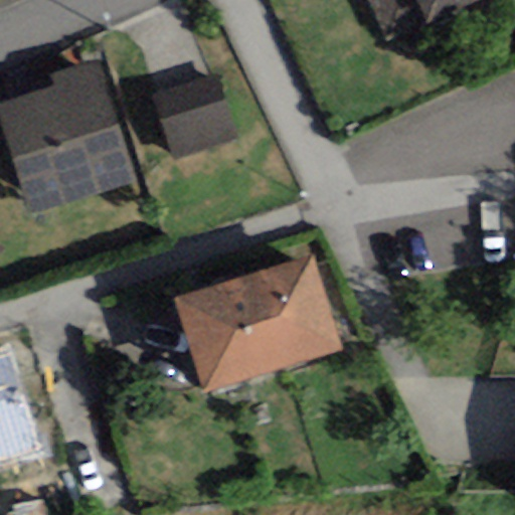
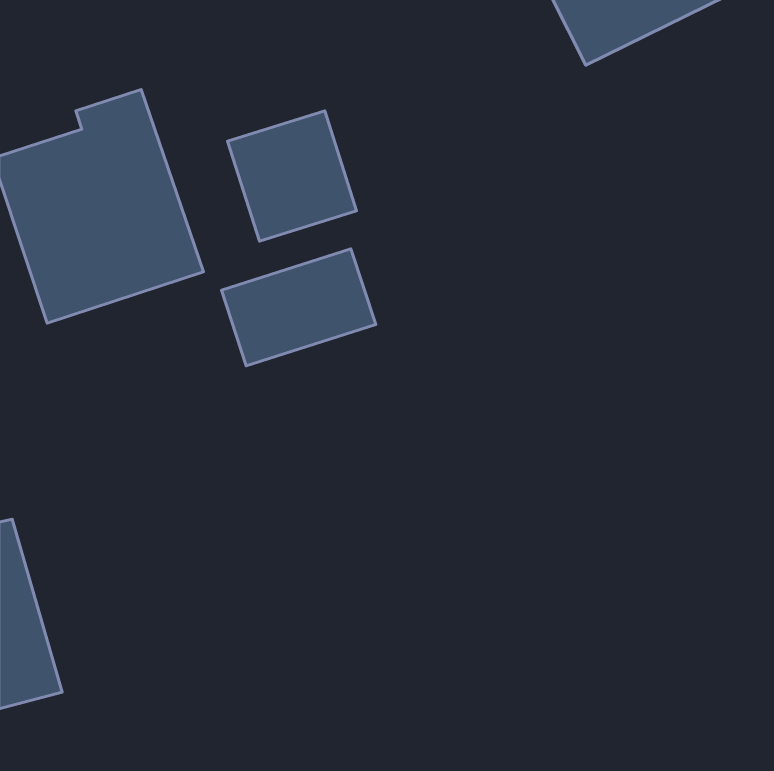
building: none -> [221,249,376,366]
building: [172,253,341,389] -> none

